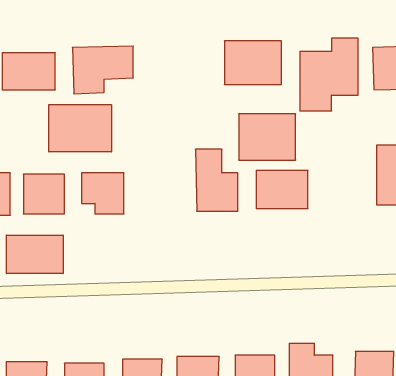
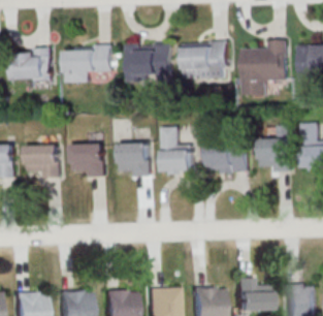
building: [49,105,111,152] -> none
building: [239,114,296,160] -> [125,43,169,80]
building: none -> [257,137,288,170]
building: none -> [117,143,148,176]
building: [6,235,63,274] -> none

